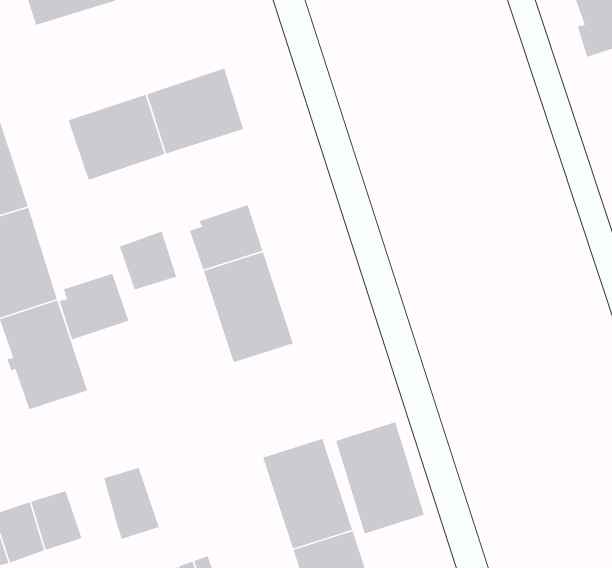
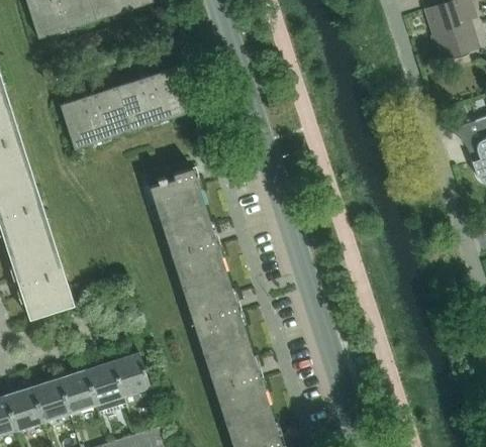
building: [119,231,177,291] -> none
building: [59,273,129,340] -> none
building: [335,421,425,535] -> [181,269,247,352]
building: none -> [112,350,154,408]
building: none -> [59,367,96,412]

